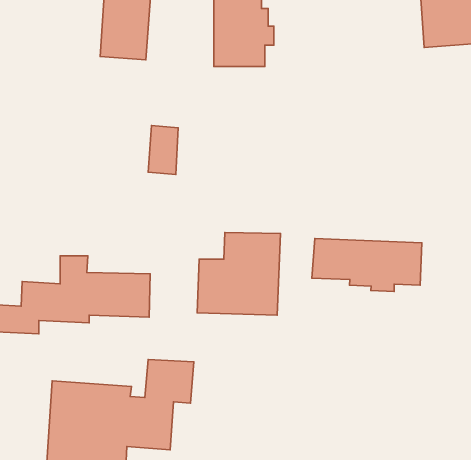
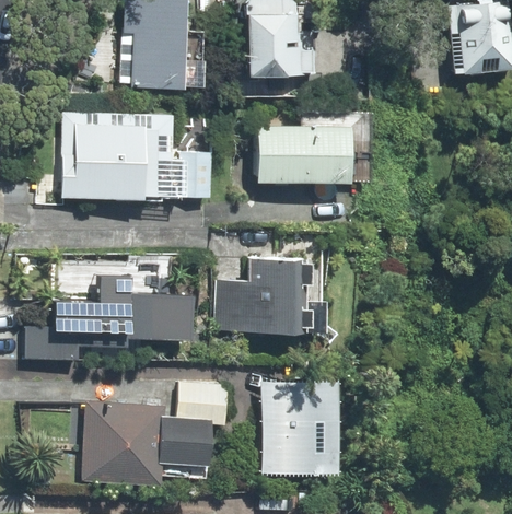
building: none -> [72,122,161,197]
building: none -> [256,129,348,180]
building: [312,238,422,292] -> none
building: none -> [263,382,337,474]

